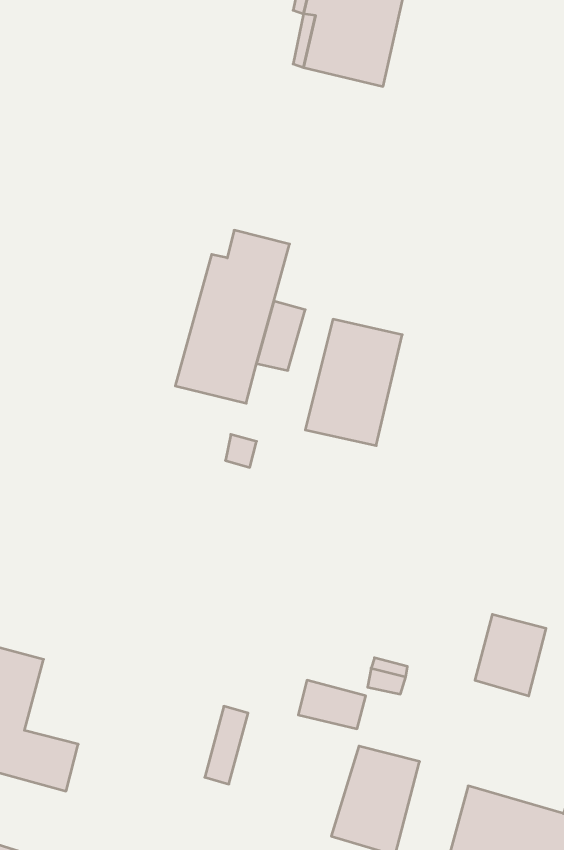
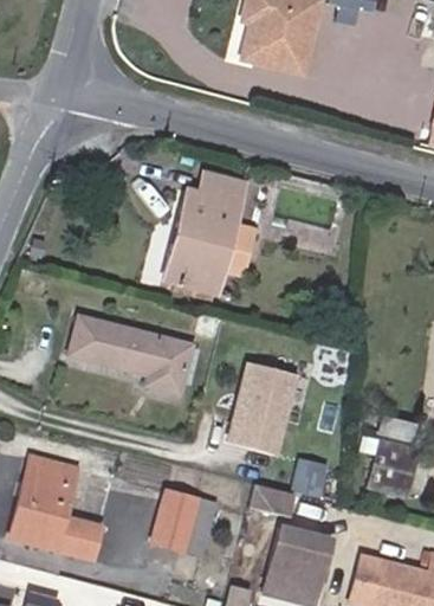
building: [305,319,402,446] -> [229,362,296,449]
building: none -> [71,320,188,393]
building: none -> [153,491,196,548]

